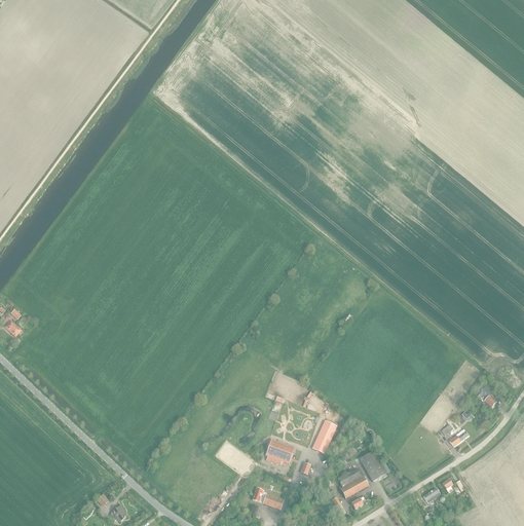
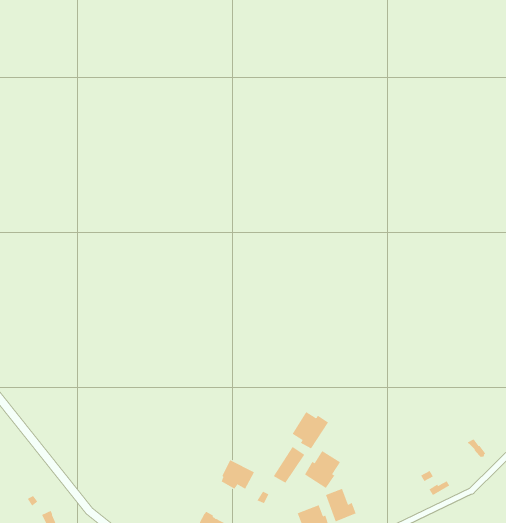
building: none -> [292,411,329,449]
building: none -> [304,450,341,489]

